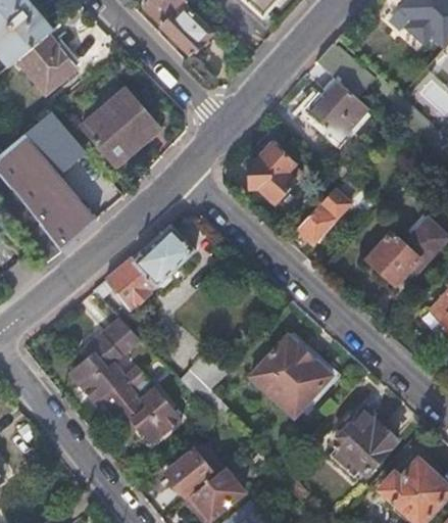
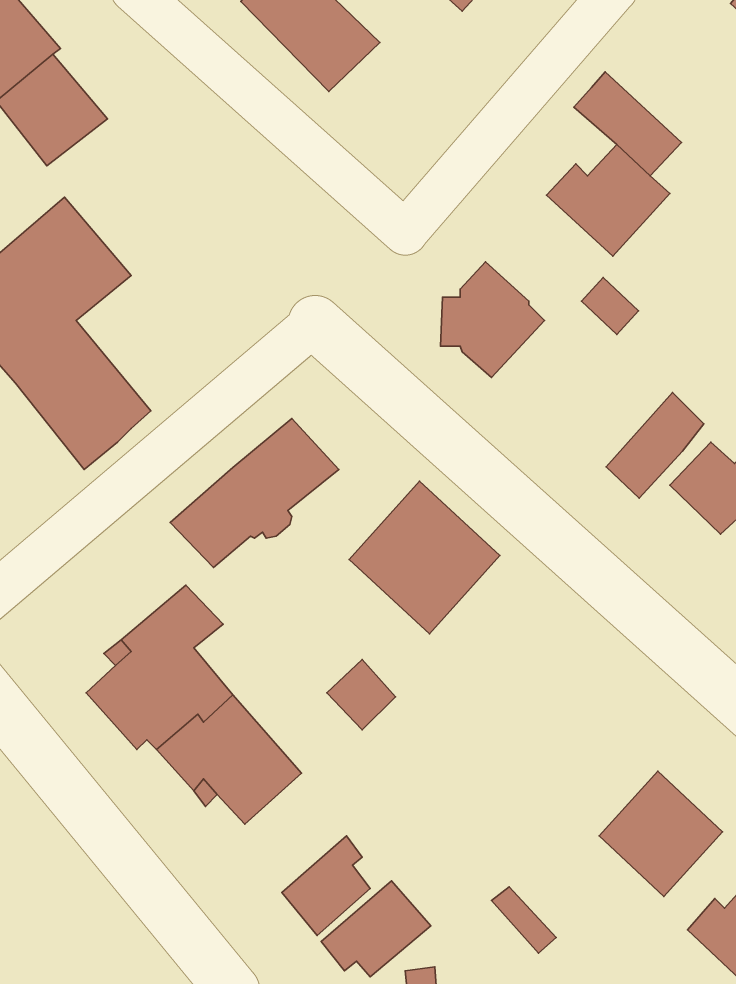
building: [82,86,156,164] -> none
building: [297,191,348,246] -> [606,392,704,498]
building: [252,338,331,418] -> [349,481,500,634]

